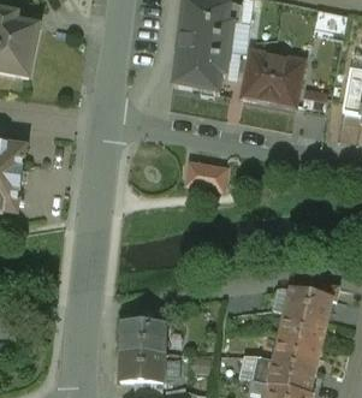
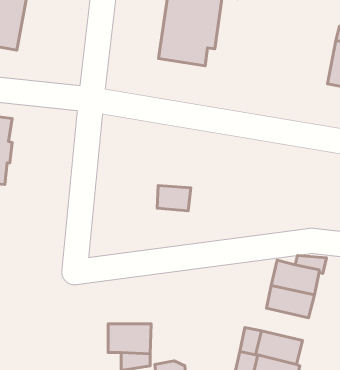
building: [242,49,302,105] -> none
building: [191,162,225,188] -> [157,185,191,211]
building: [120,321,164,350] -> none
building: [274,334,321,367] -> none

